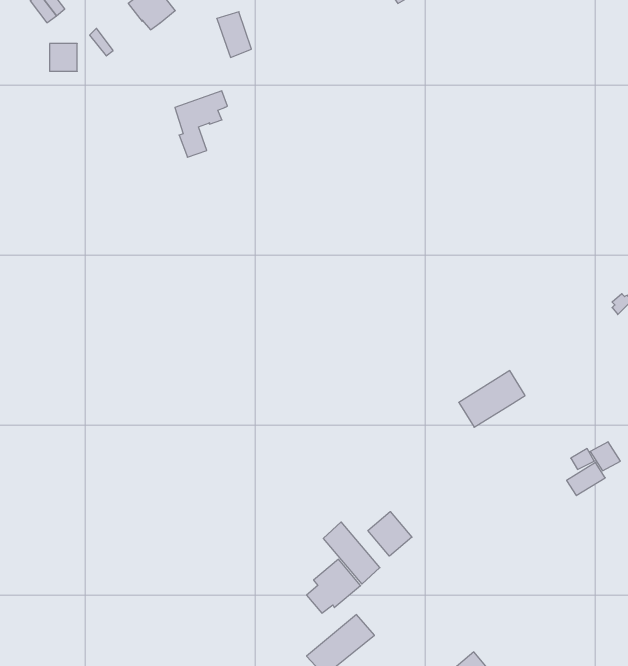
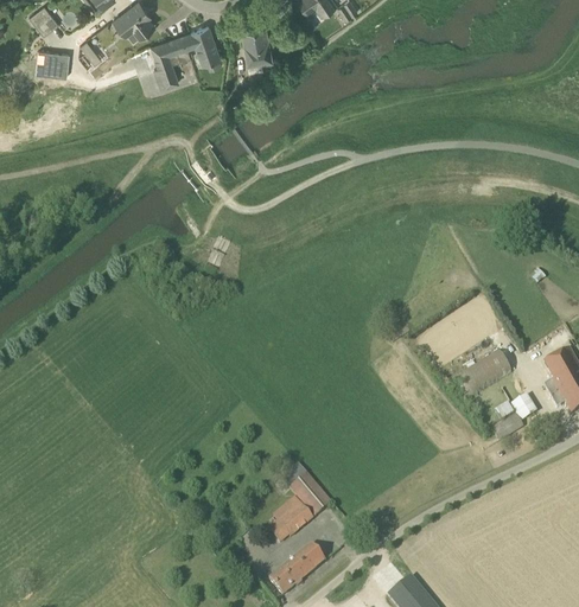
building: none -> [241,26,273,71]
building: [175,91,227,157] -> [149,32,195,89]
building: [459,371,525,427] -> [454,350,511,398]
building: [368,512,412,556] -> none

